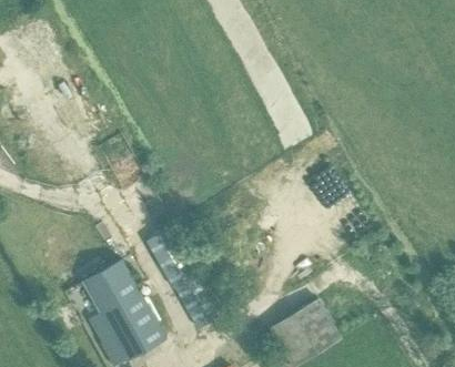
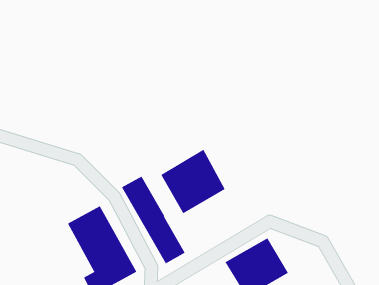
building: none -> [161,149,226,214]

